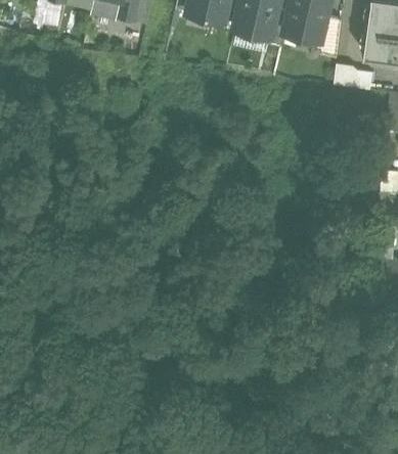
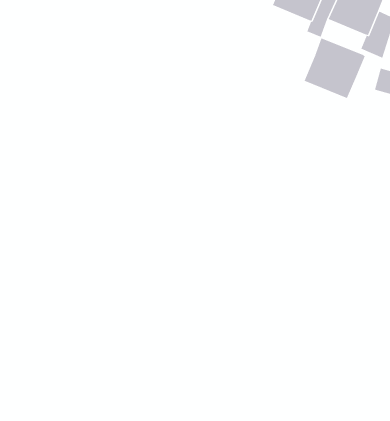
building: none -> [304,37,366,99]

